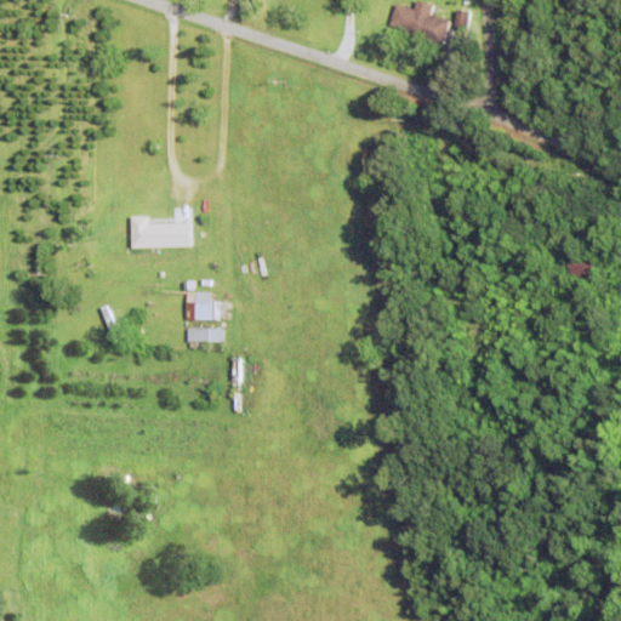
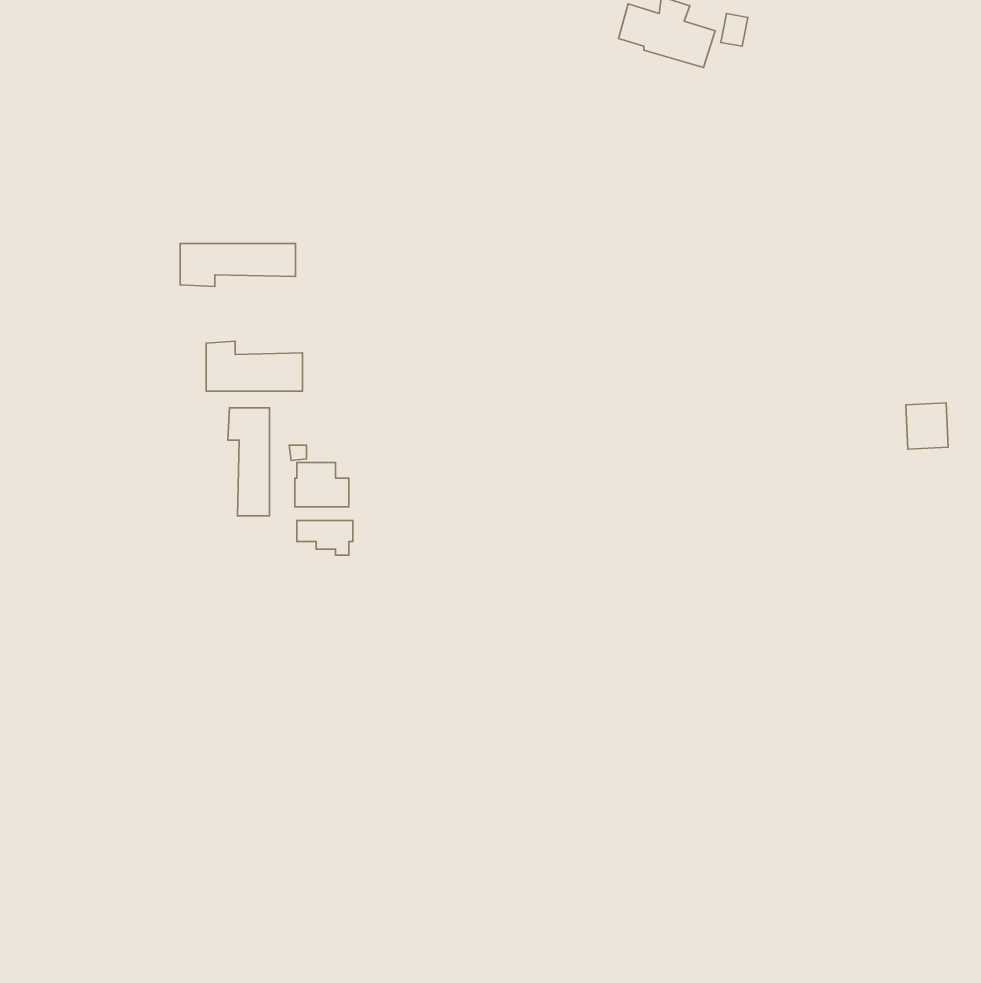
building: none -> [180,243,296,286]
building: none -> [228,408,270,516]

